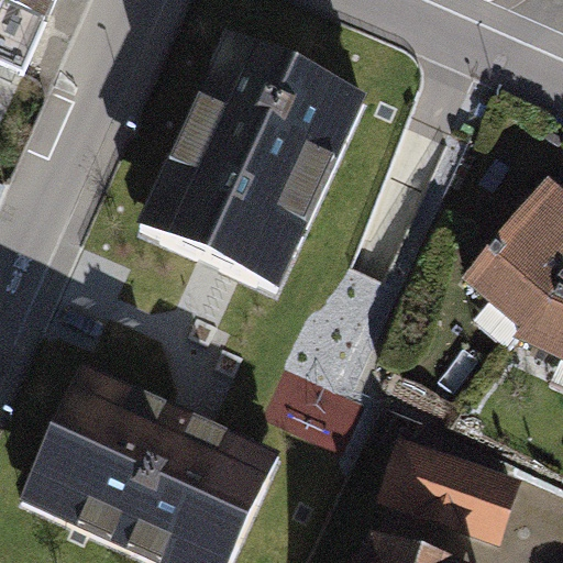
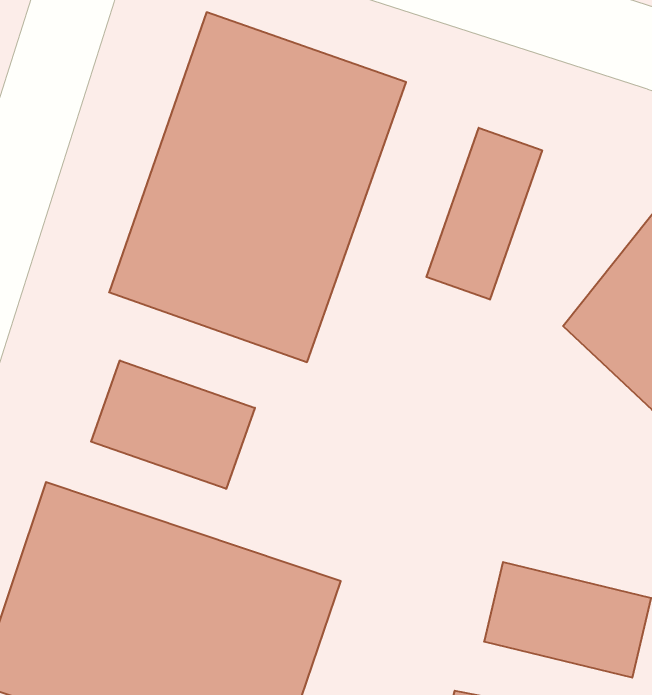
building: none -> [426,128,542,300]
building: none -> [91,360,255,489]

